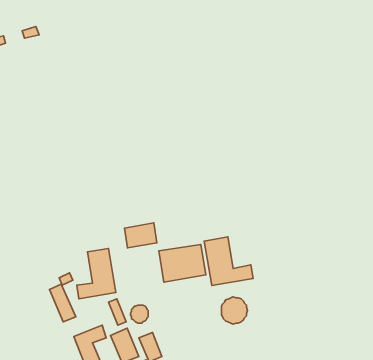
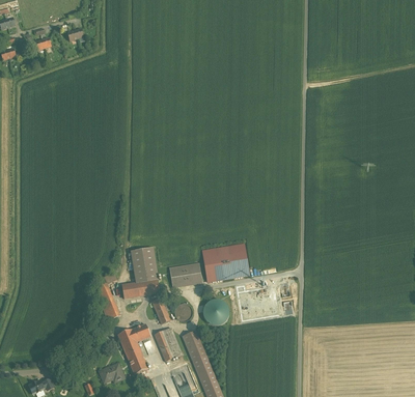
building: [124,223,157,248] -> [169,262,201,287]
building: [204,237,253,285] -> none
building: [221,297,248,324] -> [203,300,229,327]

